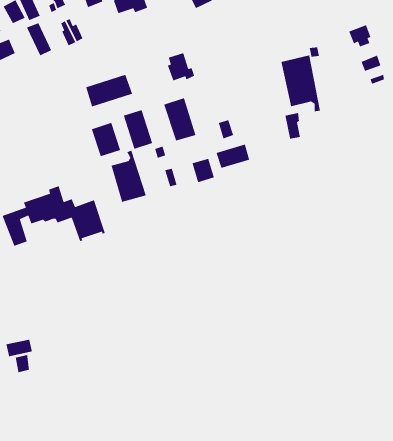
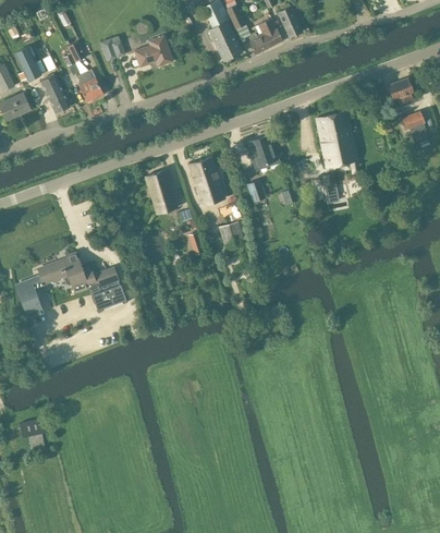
building: [167,52,195,81] -> [248,136,279,168]
building: [85,74,133,108] -> none
building: [91,122,121,157] -> none
building: [215,144,250,169] -> none
building: [110,150,147,203] -> none

